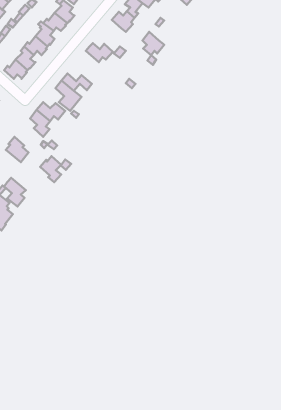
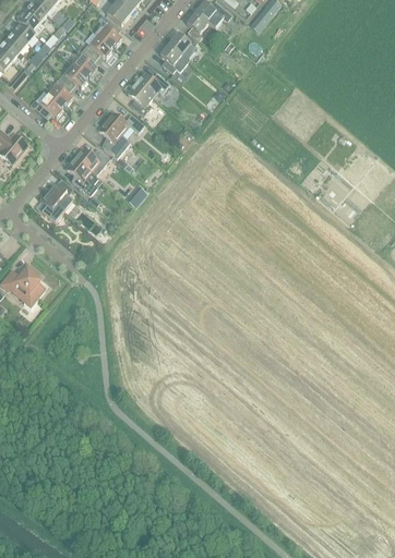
building: [142,32,164,55] -> [160,44,188,73]
building: none -> [128,83,153,116]
building: [40,156,61,182] -> [47,178,73,210]
building: [4,178,26,207] -> none

